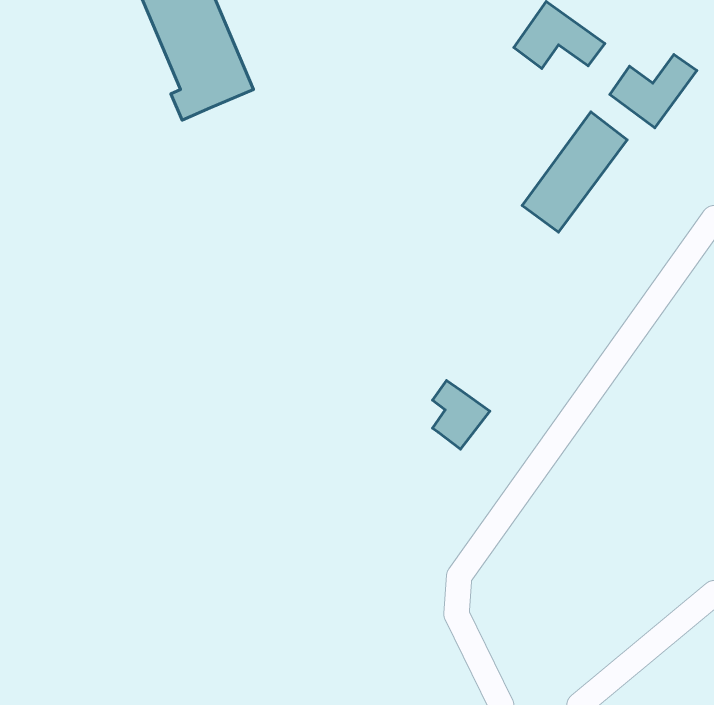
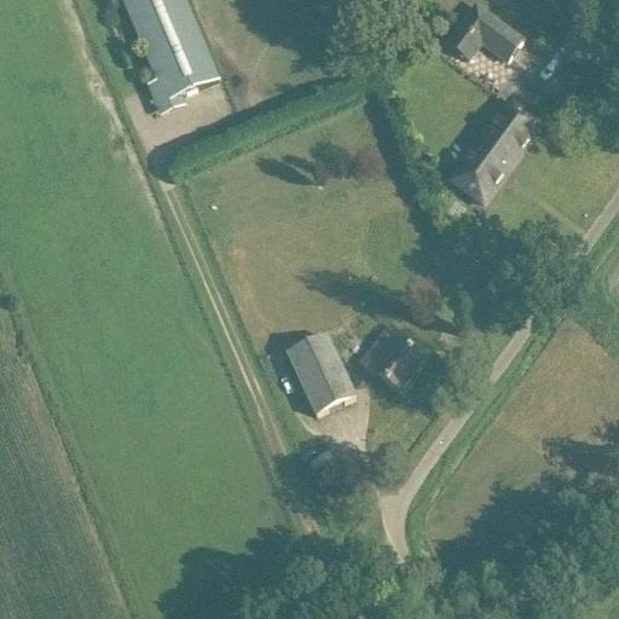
building: [610,54,697,128] -> none
building: none -> [287,331,355,412]

